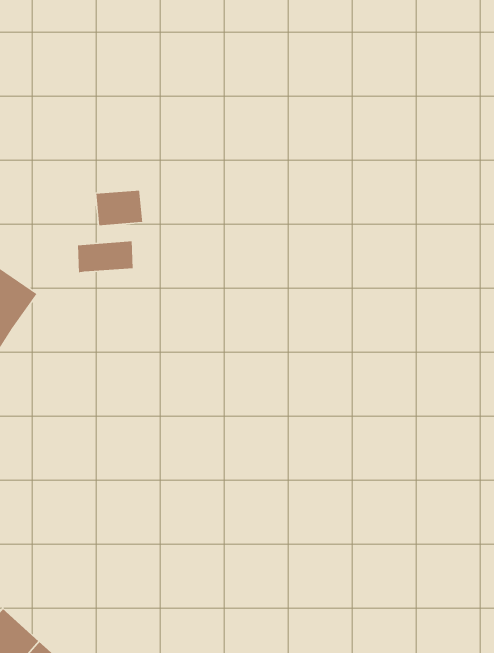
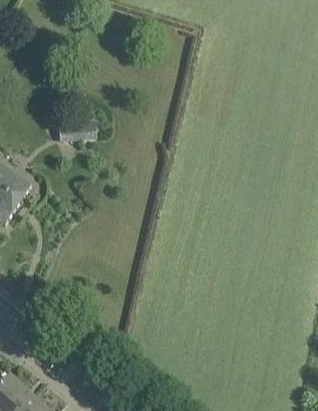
building: [77,241,134,273] -> none

